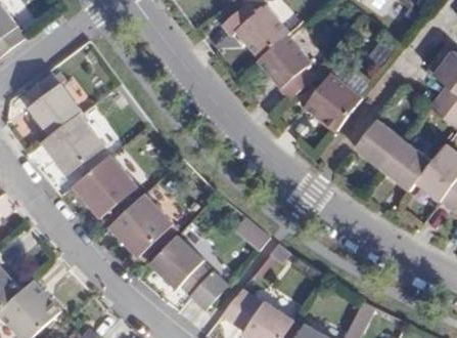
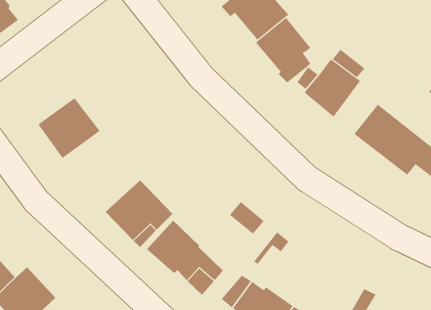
building: [24,73,81,135] -> none
building: [73,155,135,217] -> none

